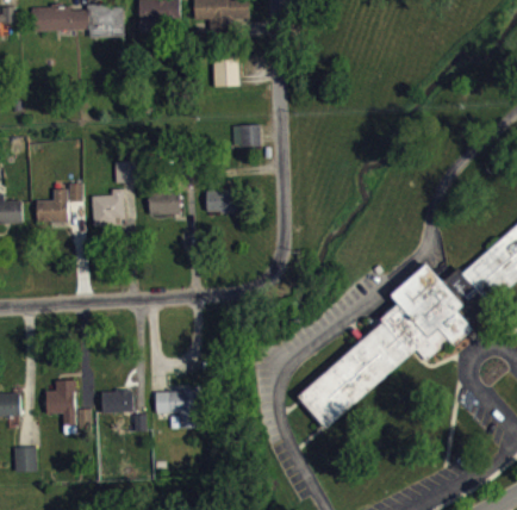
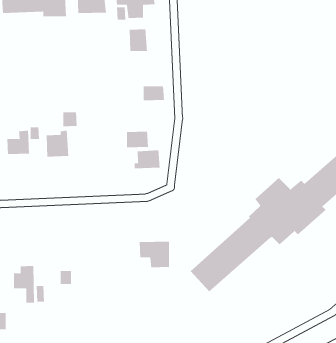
building: [150,194,181,217] -> none
building: none -> [134,149,160,169]
building: [156,393,200,431] -> [139,241,170,268]

